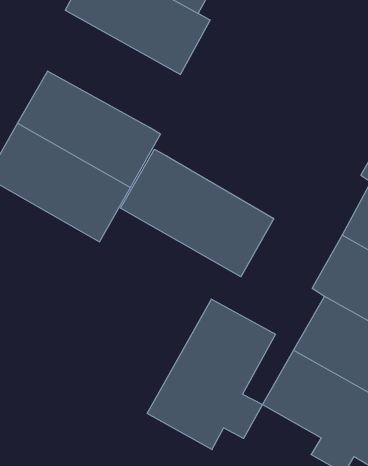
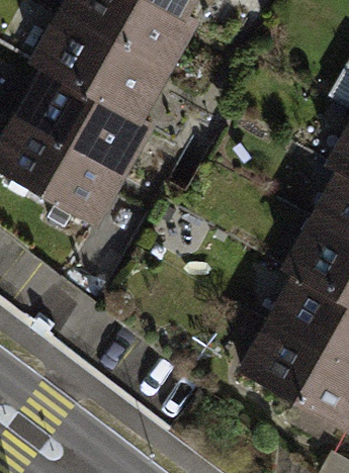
building: none -> [34,12,167,119]
building: [121,149,274,277] -> none
building: [147,299,275,450] -> none

